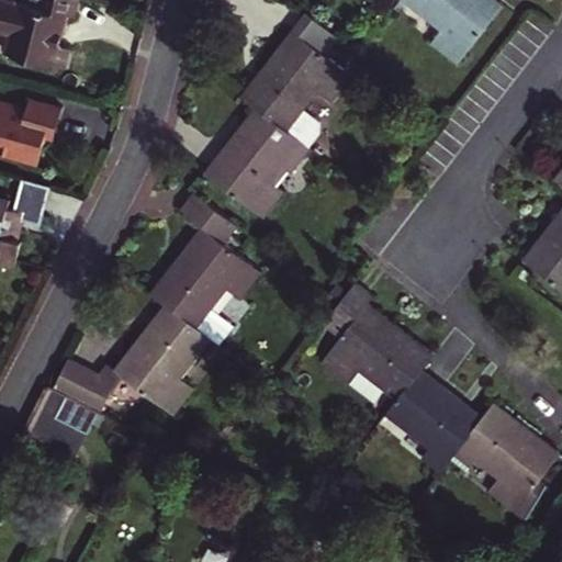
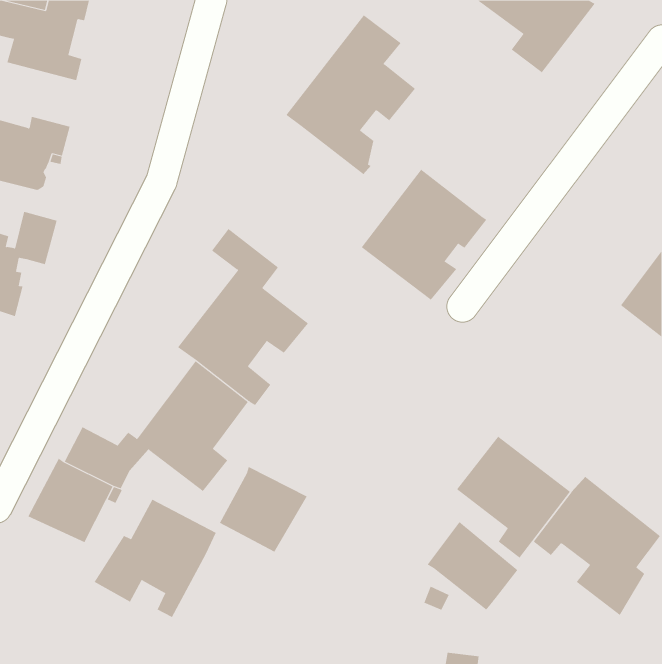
building: [203,109,310,220] -> [361,169,487,301]
building: [319,285,431,398] -> none
building: none -> [219,466,307,552]
building: none -> [94,499,217,618]
building: none -> [427,521,518,610]

